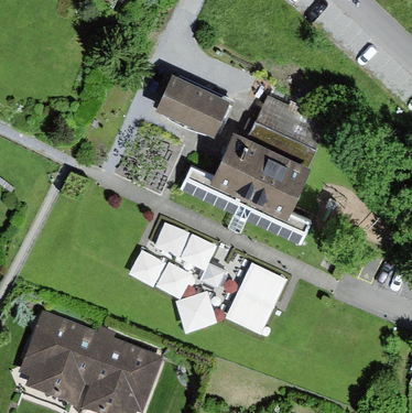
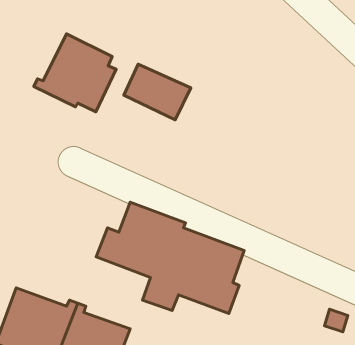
building: none -> [34,34,116,112]
building: [180,98,325,244] -> none

